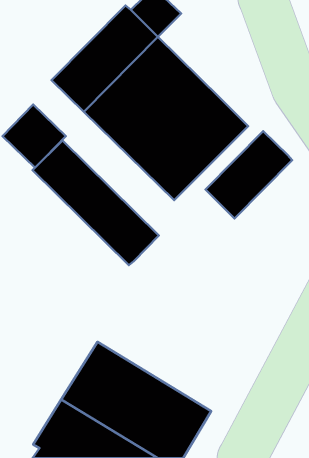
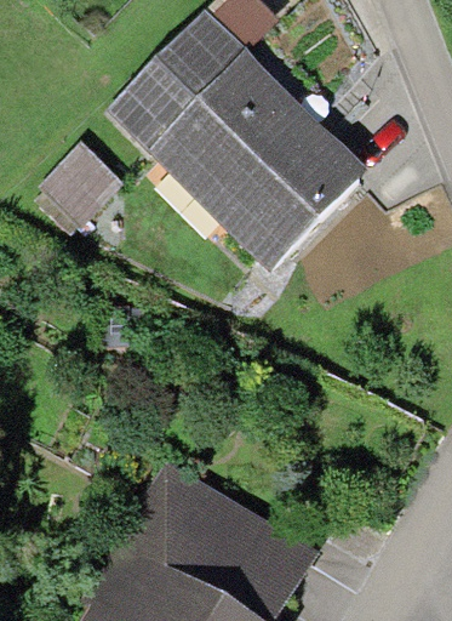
building: [205,131,292,219] -> none
building: [33,141,159,265] -> none

